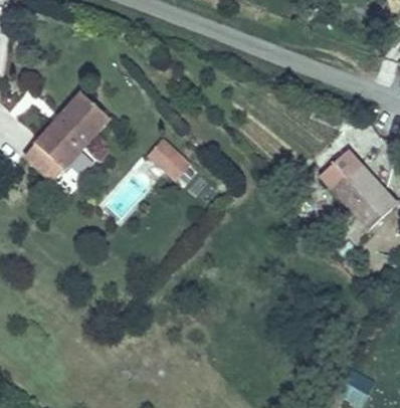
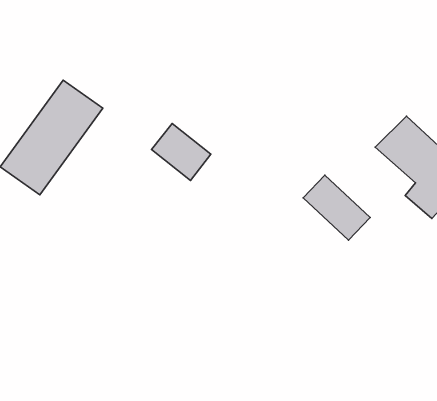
building: none -> [303,175,370,240]

